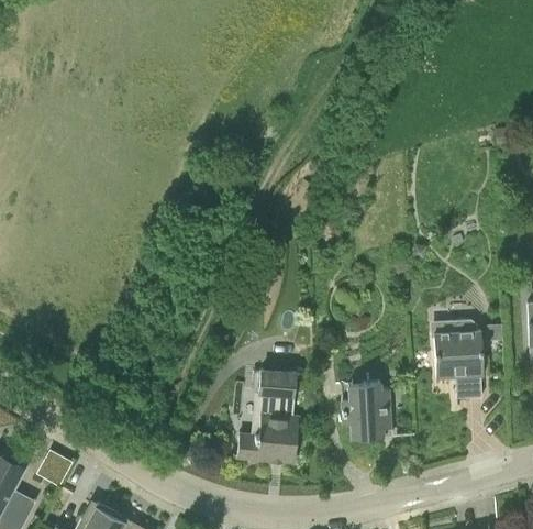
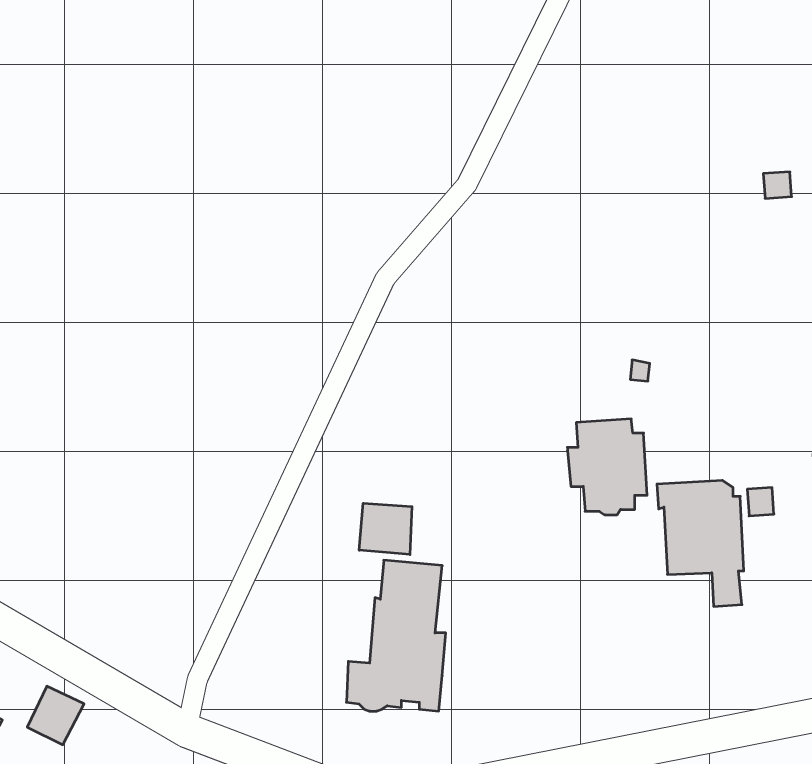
building: none -> [359,503,412,555]
building: [341,382,390,441] -> [567,419,647,515]

